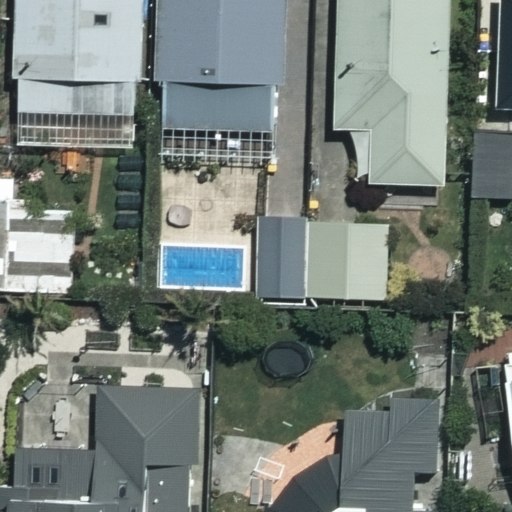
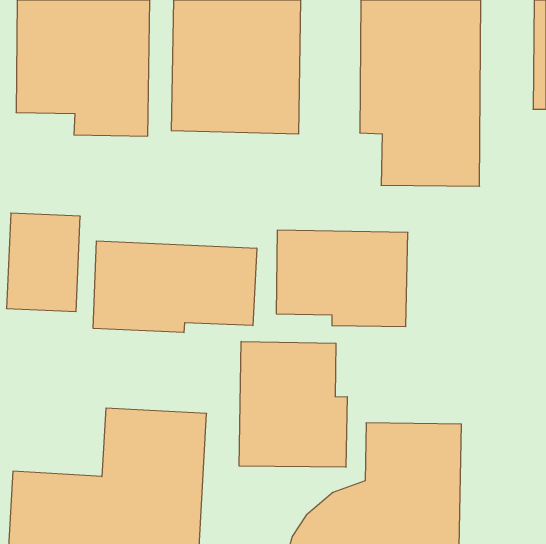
building: none -> [93,241,257,333]
building: none -> [239,341,347,467]

